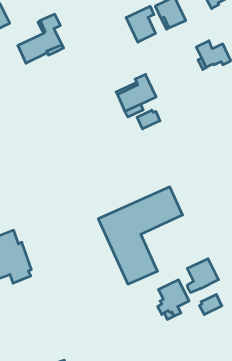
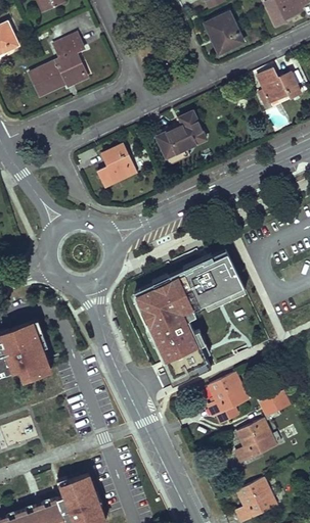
building: [126,6,155,42] -> none
building: none -> [98,144,136,188]
building: [137,110,160,129] -> none
building: [187,259,219,292] -> [236,419,276,462]

